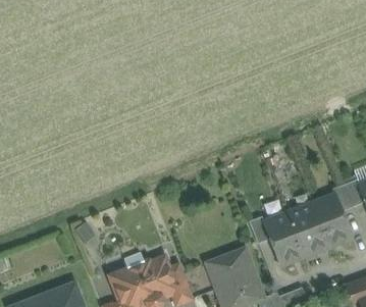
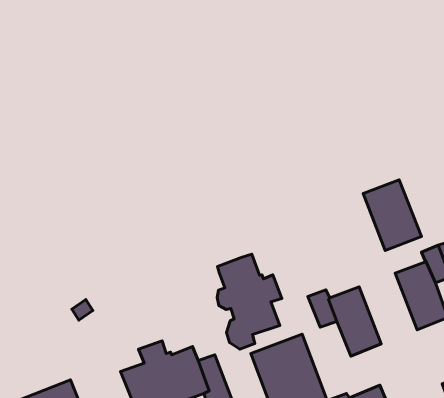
building: none -> [217,254,282,349]
building: [286,204,329,256] -> [363,180,421,250]

